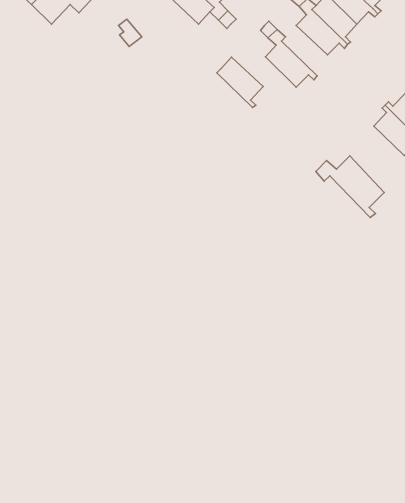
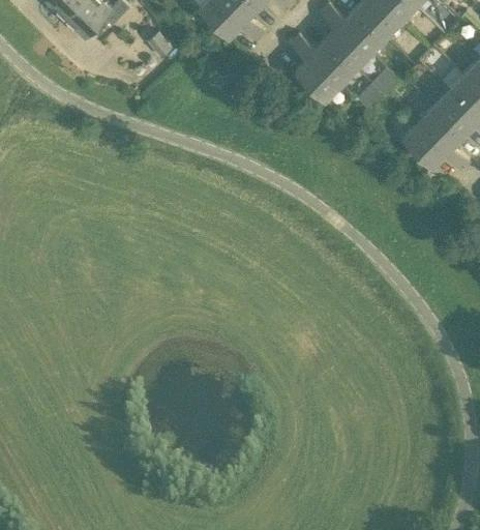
building: none -> [355,65,398,109]
building: [217,57,263,107] -> [311,37,357,87]
building: [316,156,384,218] -> none

